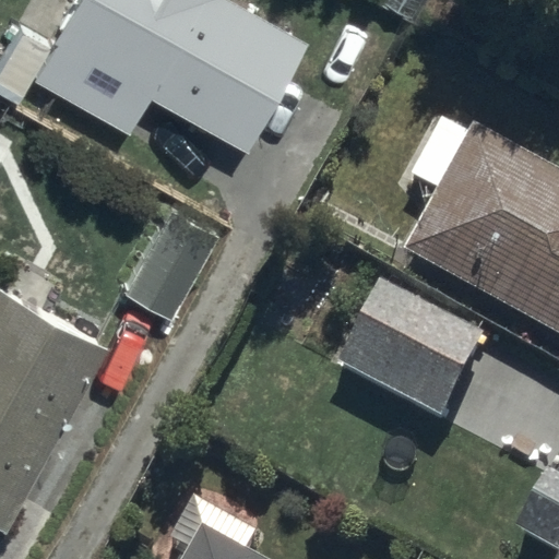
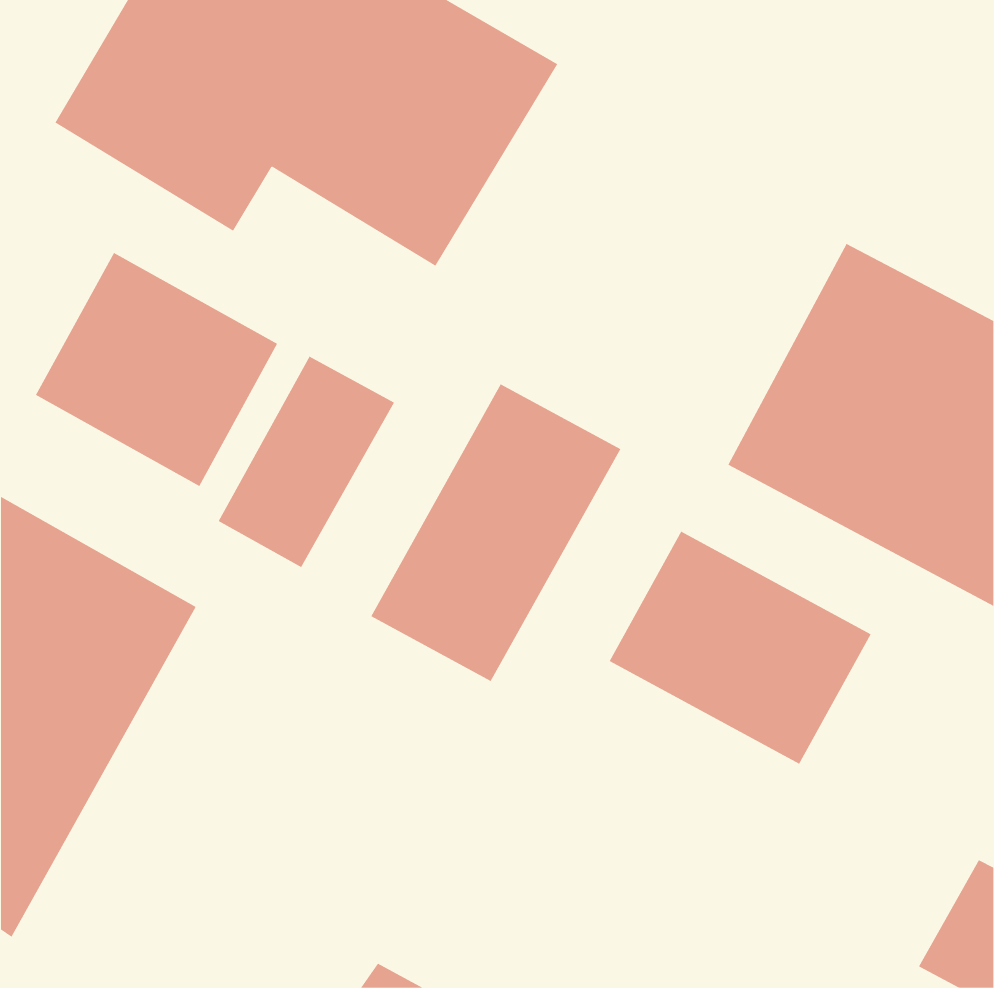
building: none -> [35,252,278,487]
building: none -> [370,383,621,682]

